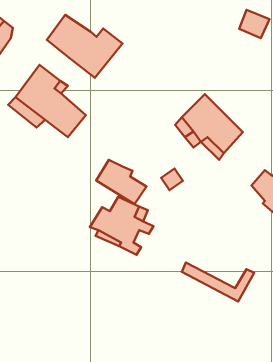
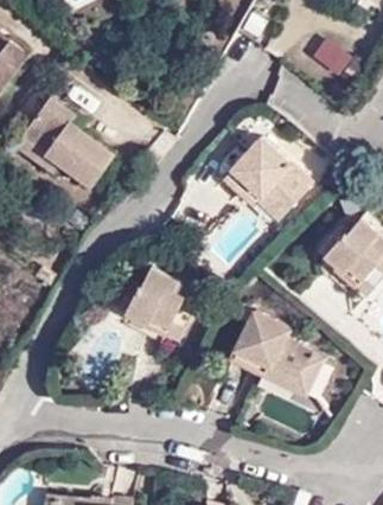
building: [47,15,122,78] -> none
building: [96,160,147,204] -> none
building: none -> [240,312,315,379]

